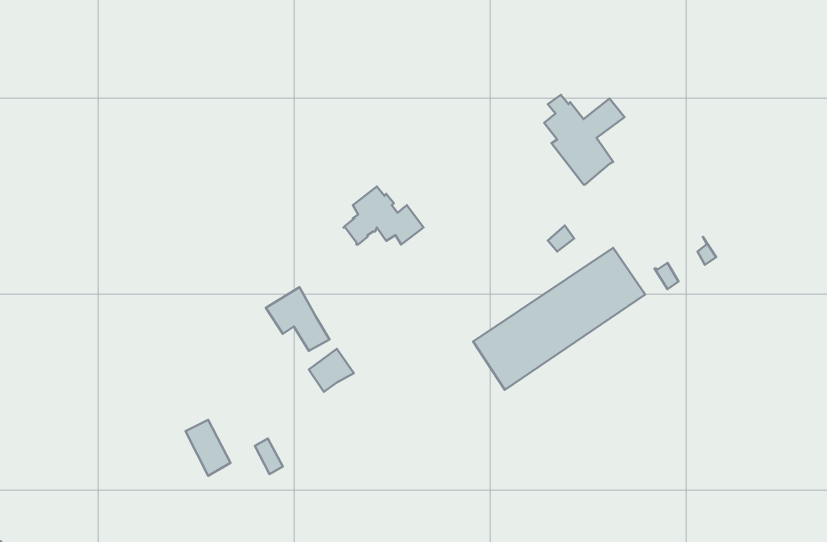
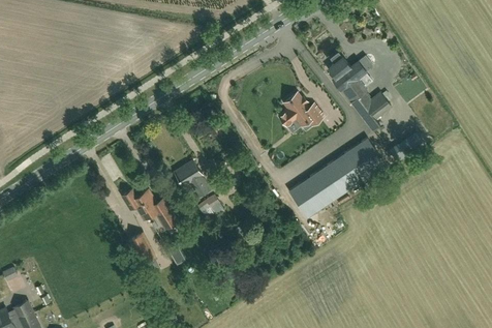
building: none -> [351,92,391,130]
building: [343,187,424,244] -> [279,93,324,125]
building: none -> [122,189,178,229]

